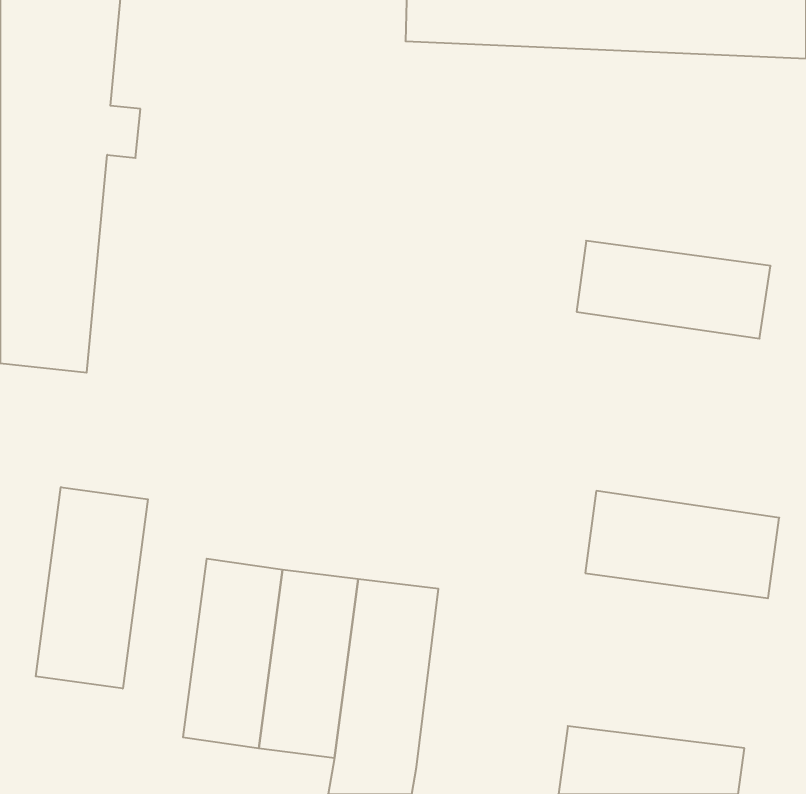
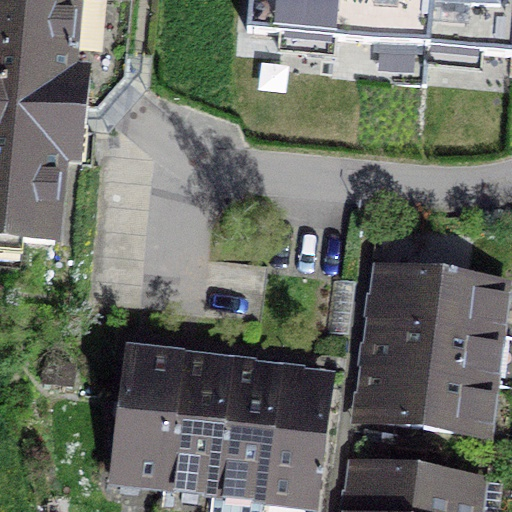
building: [577,241,771,339] -> [378,266,501,328]
building: [36,487,148,689] -> none
building: none -> [364,363,487,428]
building: none -> [264,373,324,491]

